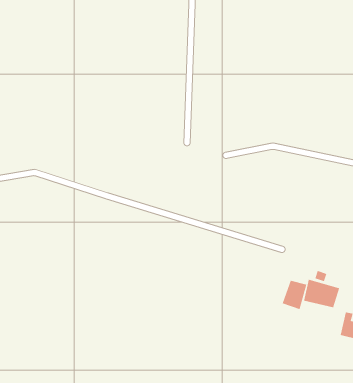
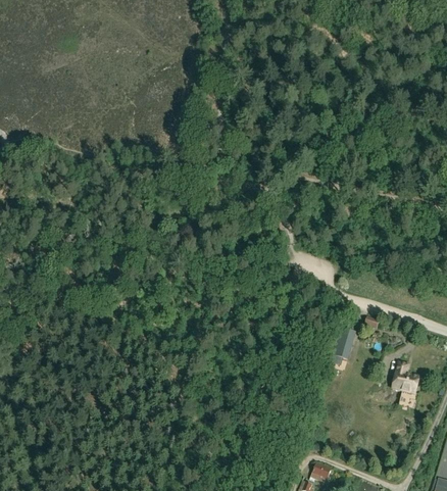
building: [304,279,340,308] -> none

